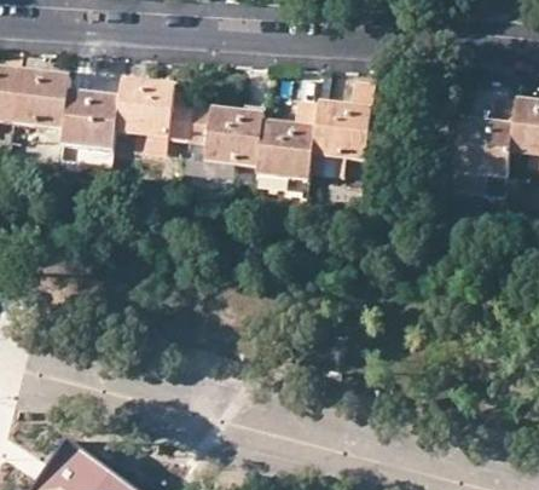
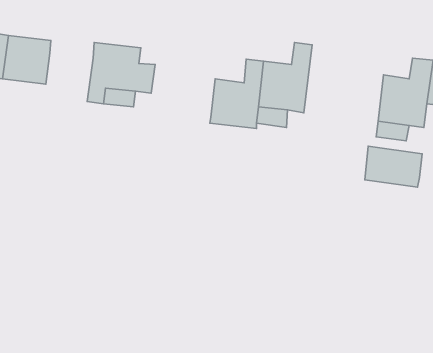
building: [62,90,118,146] -> none
building: [186,103,262,165] -> none
building: none -> [365,146,422,187]

